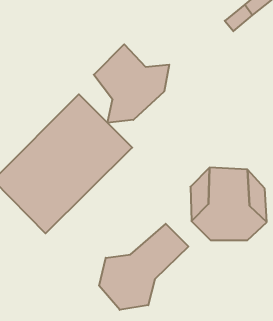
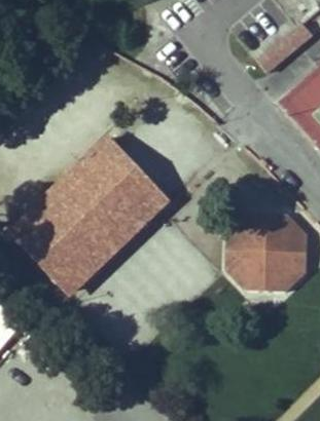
building: [94,44,169,123] -> none
building: [99,224,188,310] -> none

